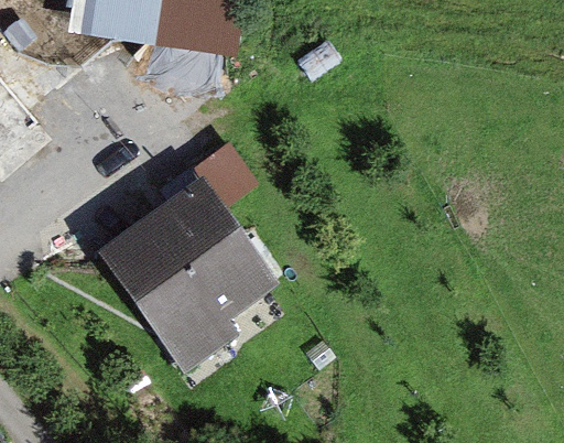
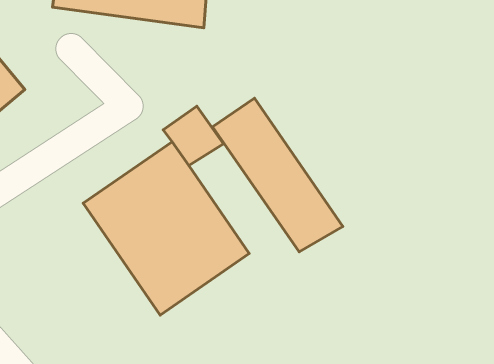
building: none -> [213,98,343,252]

